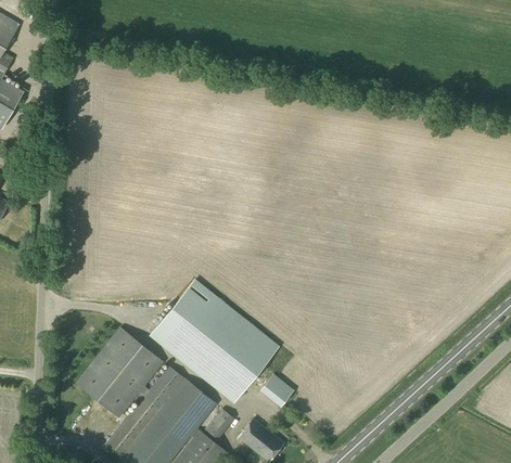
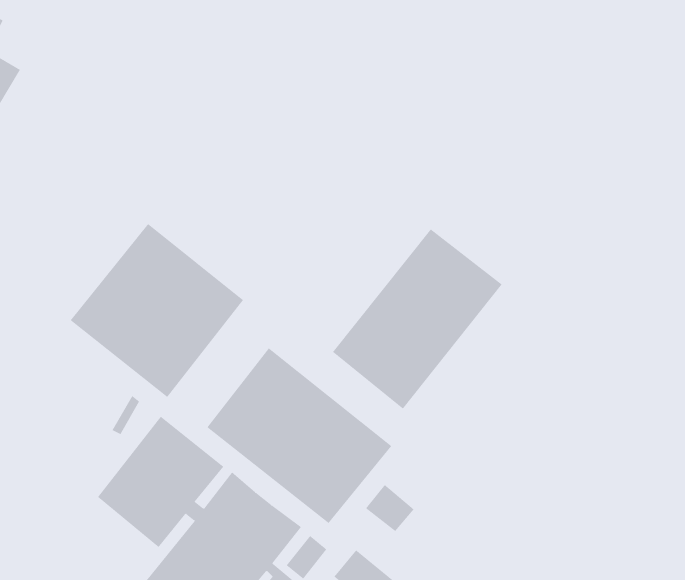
building: none -> [70,223,244,398]
building: none -> [332,229,503,410]

